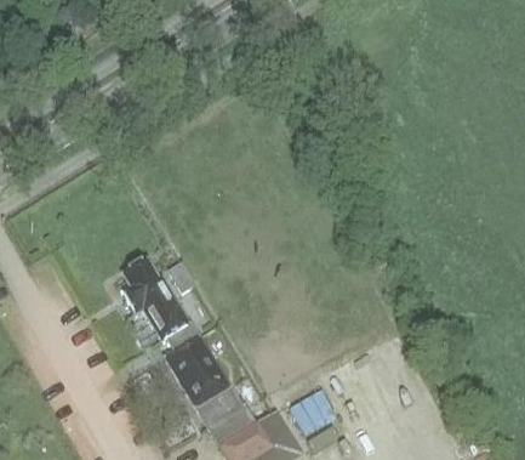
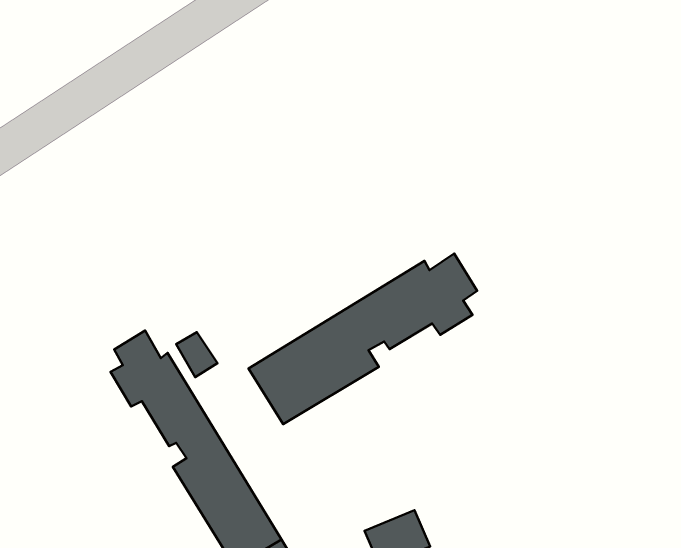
building: none -> [248,253,477,424]

